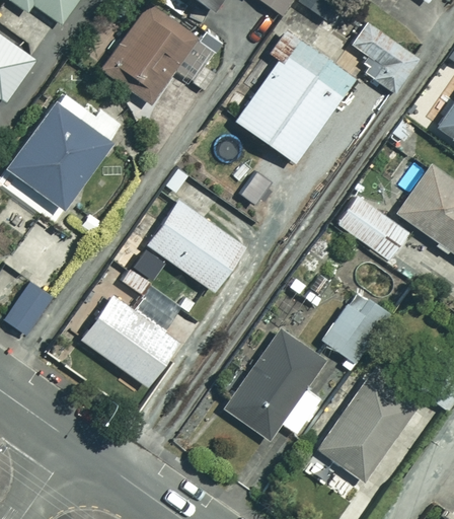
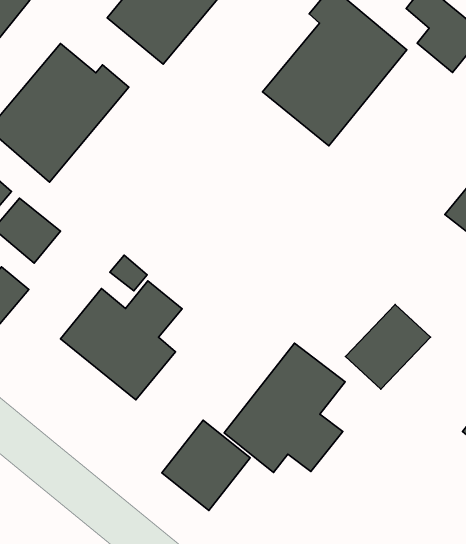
building: [336,197,409,262] -> none
building: [147,201,245,292] -> none
building: [317,378,413,481] -> none
building: none -> [162,420,250,511]

